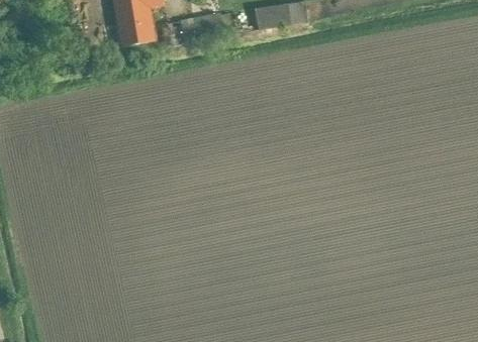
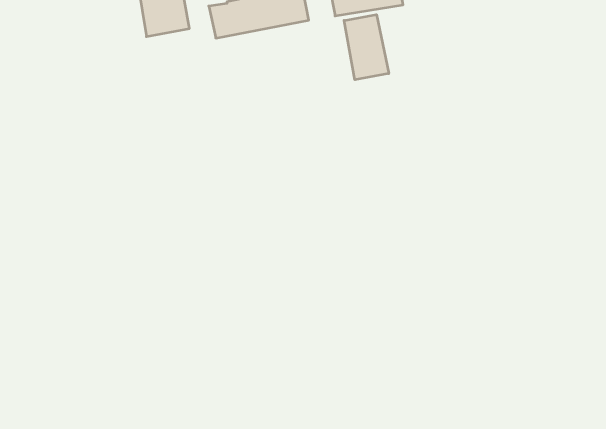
building: none -> [344,15,389,80]

